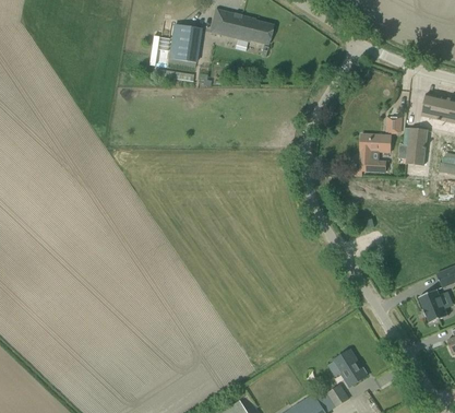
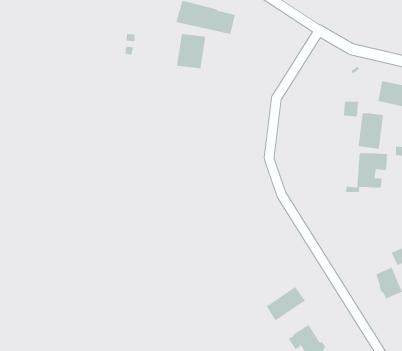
building: [169,25,201,62] -> [176,33,206,69]
building: [347,134,392,176] -> [345,153,388,192]
building: none -> [266,286,306,321]

